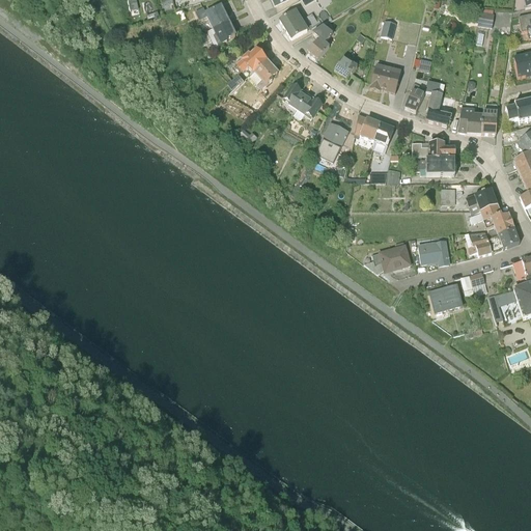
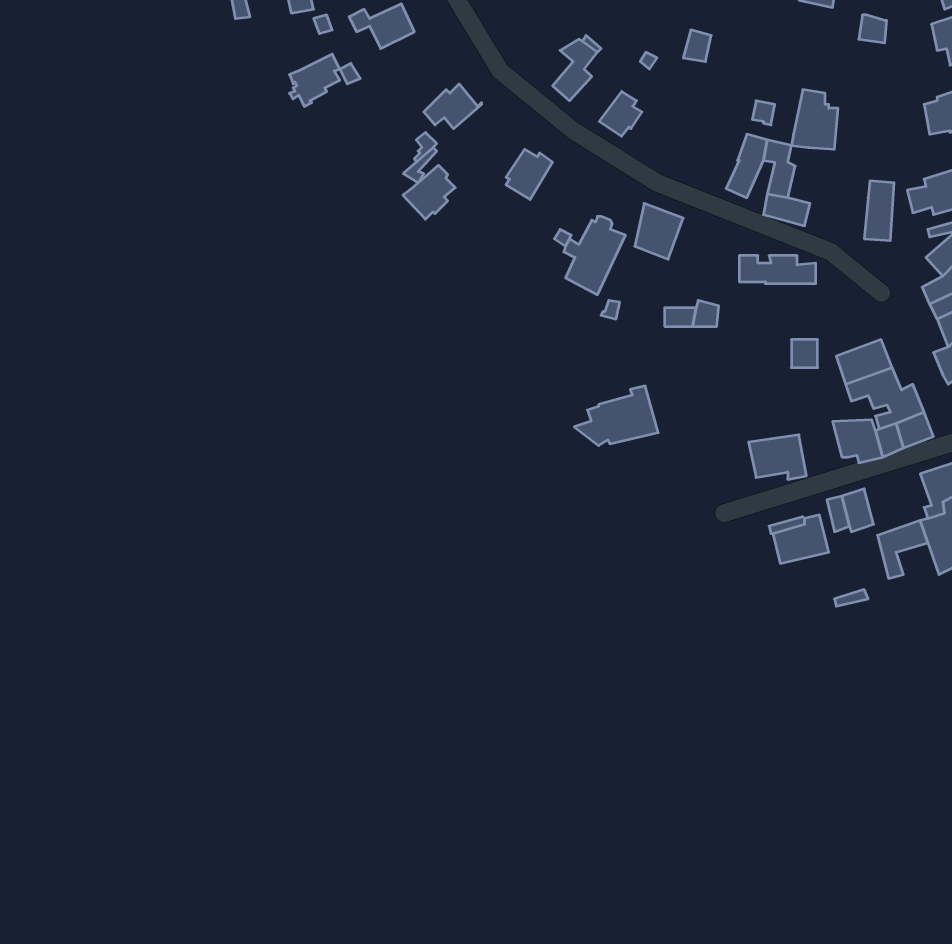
building: [280,4,320,35] -> none
building: [207,18,235,47] -> [289,54,340,106]
building: [249,58,278,88] -> [403,165,455,219]
building: [370,60,401,90] -> none
building: [294,90,322,118] -> none
building: [457,100,483,133] -> [791,90,838,149]
building: [372,121,394,152] -> none
building: [412,158,454,174] -> none
building: [364,242,411,275] -> [574,386,658,446]

